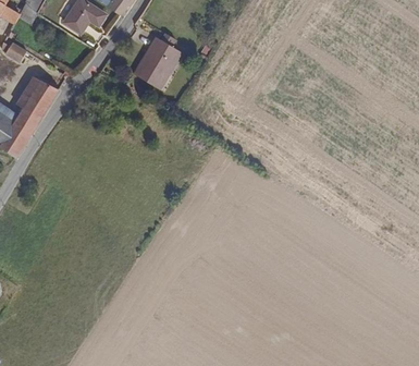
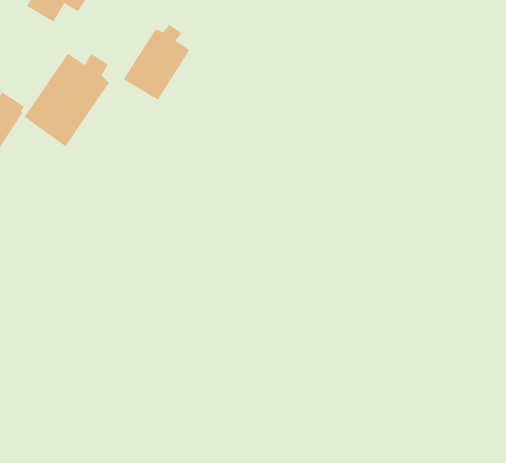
building: none -> [24,53,110,147]

